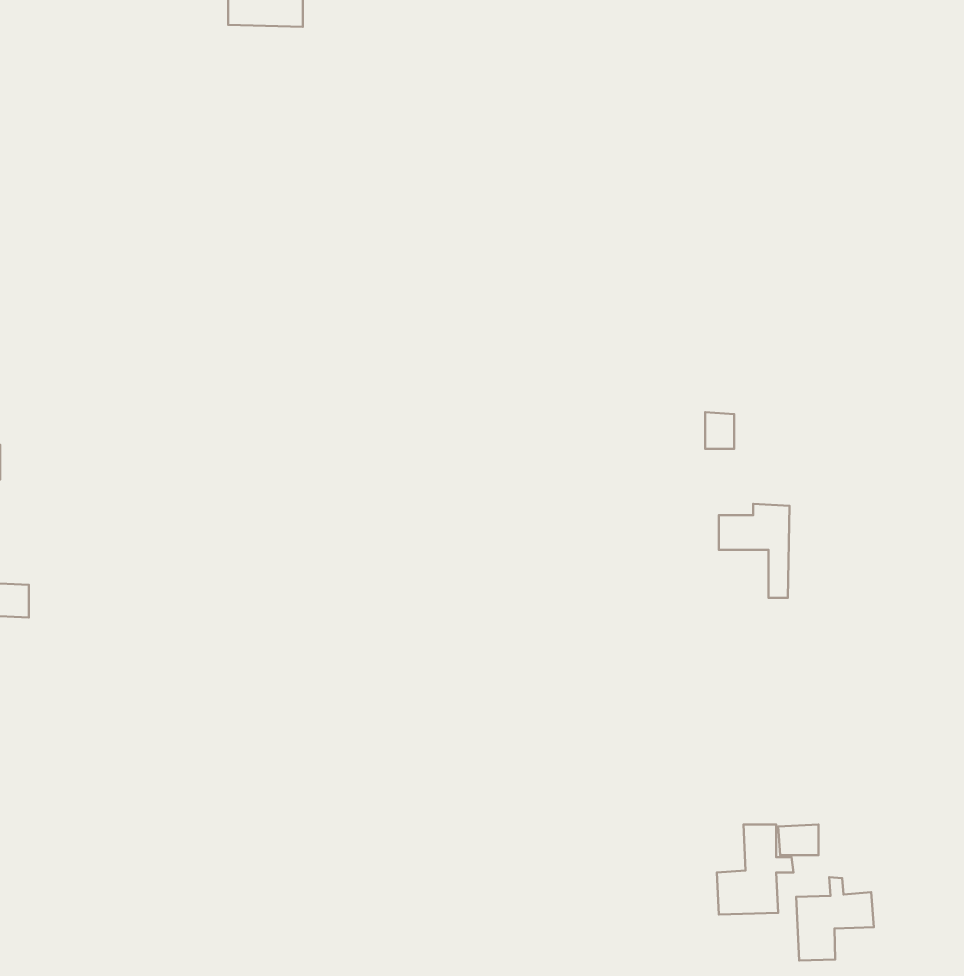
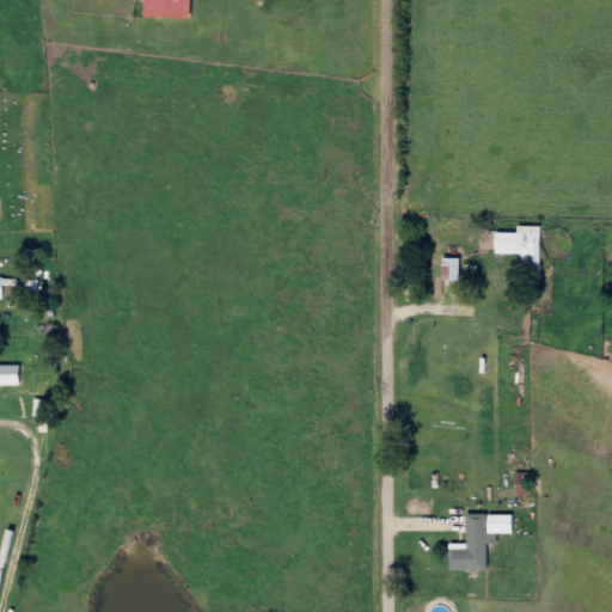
building: [719,504,790,598] -> [494,225,538,283]
building: [796,877,874,961] -> none

